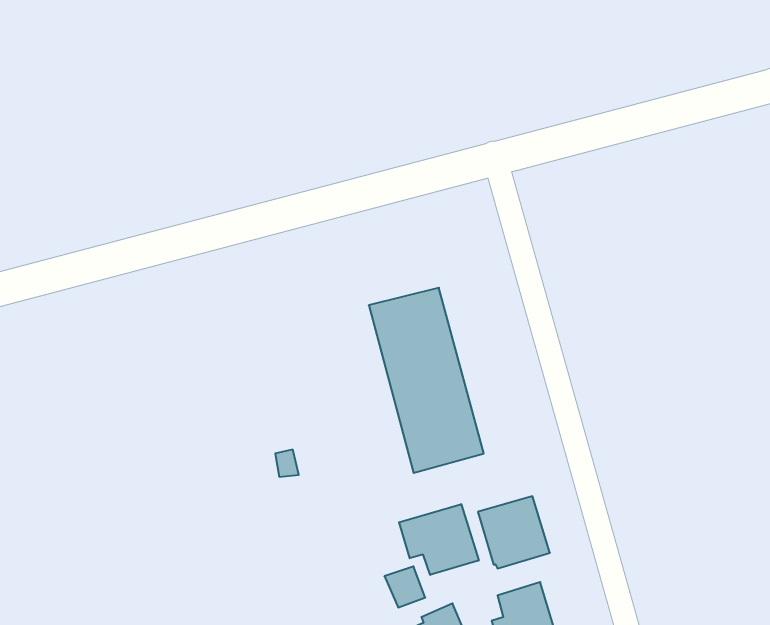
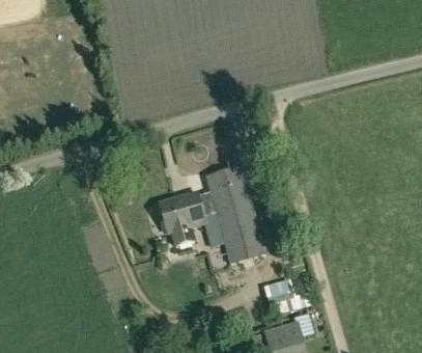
building: none -> [157,193,202,246]
building: [399,504,479,575] -> none

